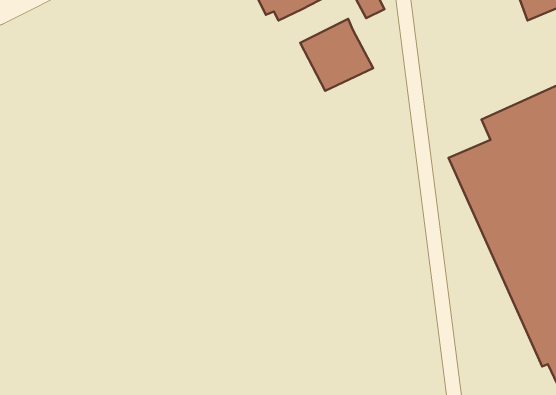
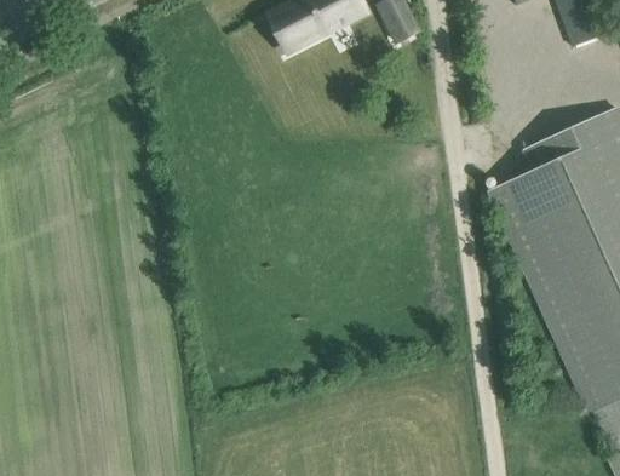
building: [300,19,373,91] -> none

